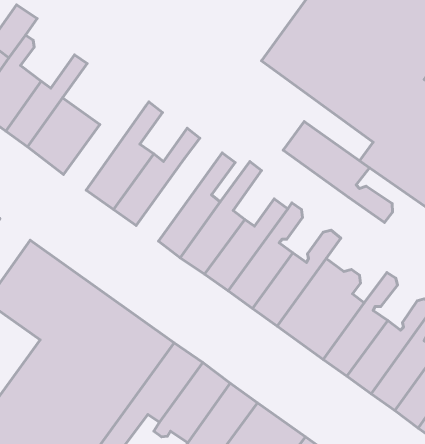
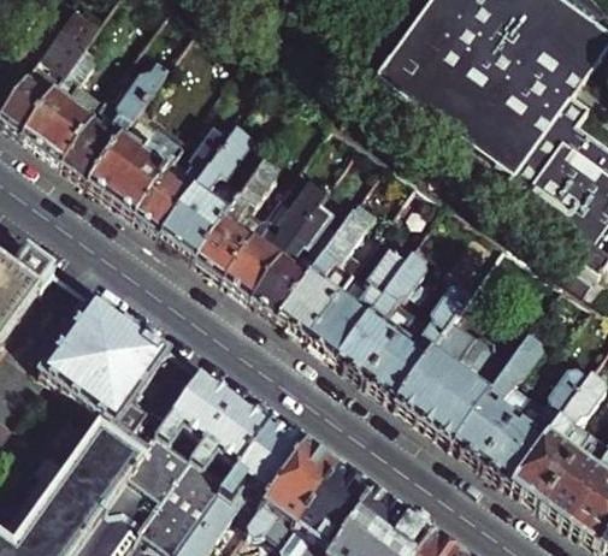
building: none -> [134,124,235,235]
building: [283,122,392,223] -> none
building: none -> [223,178,329,297]

